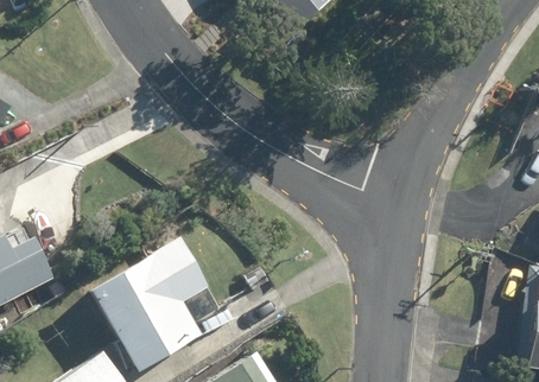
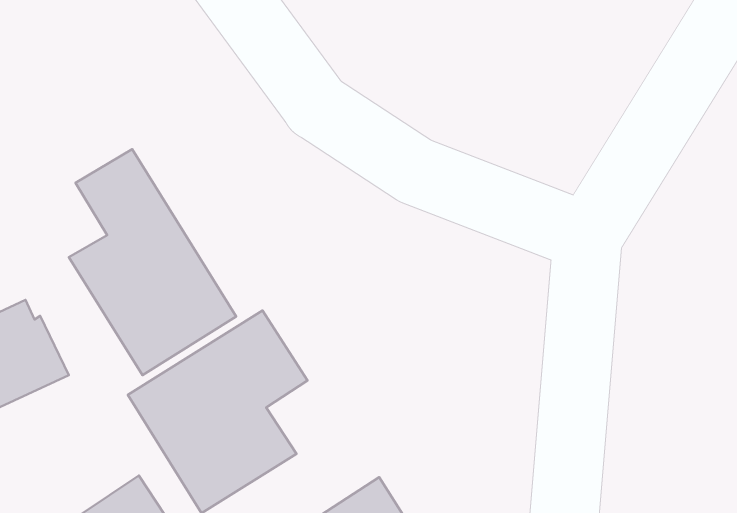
building: none -> [69,149,236,375]

